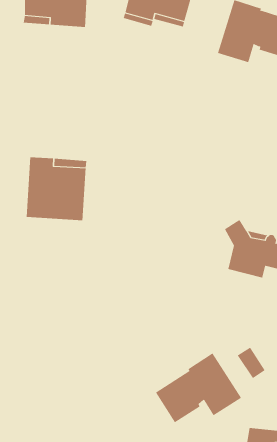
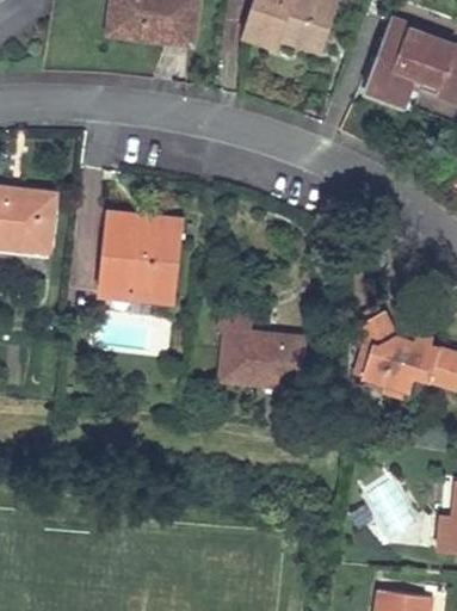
building: none -> [217,309,303,387]
building: [155,353,242,423] -> none

